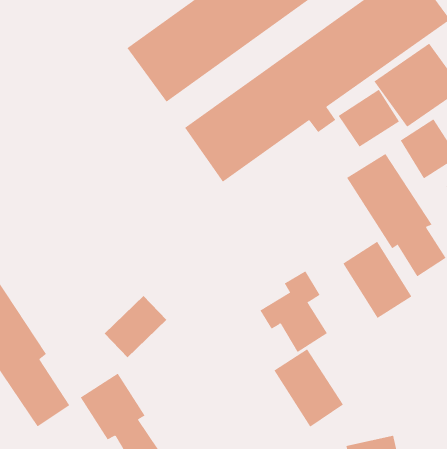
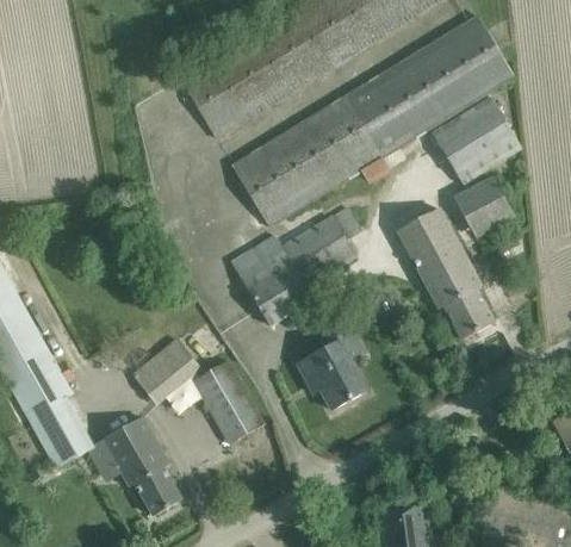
building: [338,89,400,148] -> none
building: none -> [232,206,359,322]
building: [342,241,412,319] -> none
building: [273,348,344,428] -> [192,359,262,441]

